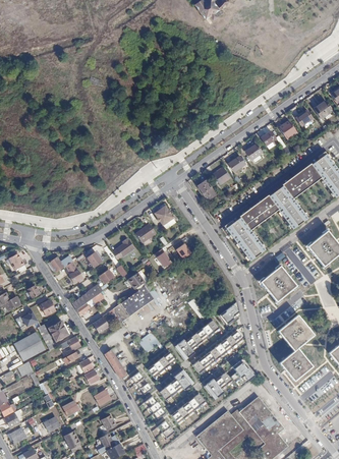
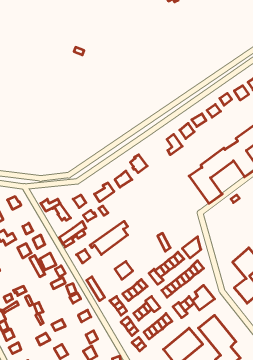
building: [262,266,297,301] -> none
building: [12,332,44,360] -> none

